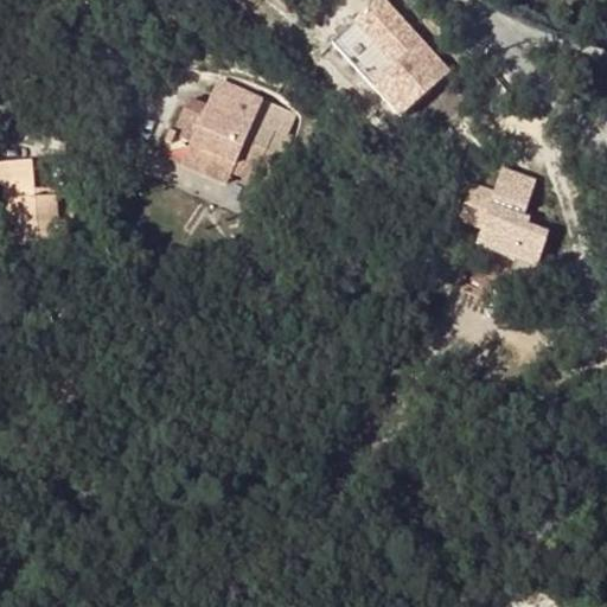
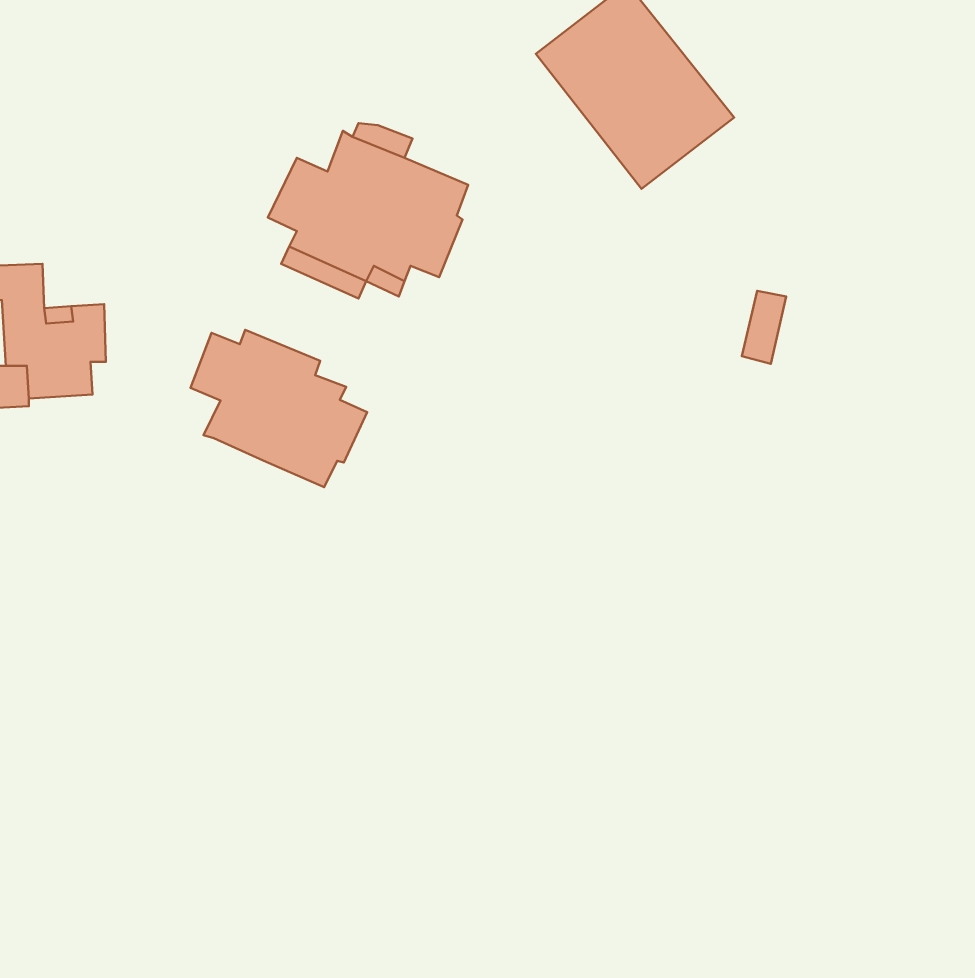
building: [478,165,552,266] -> none
building: none -> [191,330,367,487]

